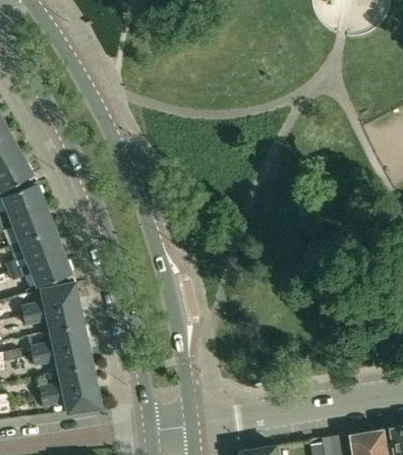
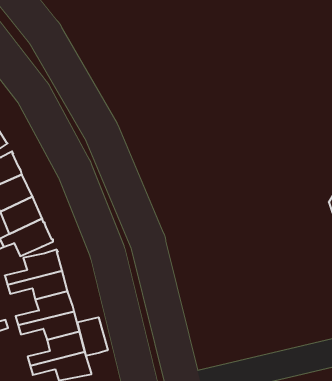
building: none -> [78,317,108,356]

